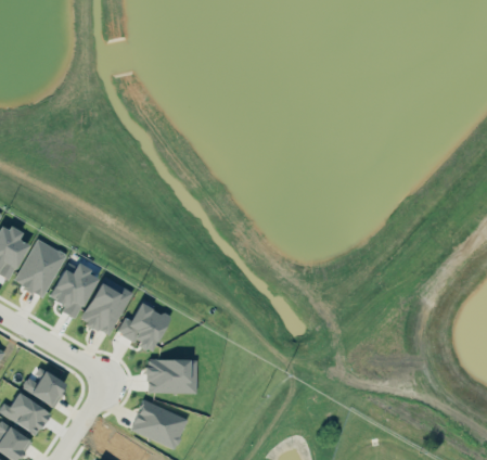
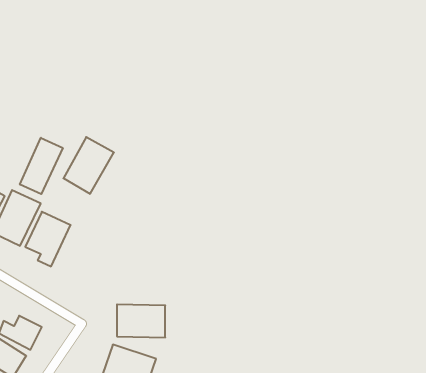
building: none -> [20,138,63,194]
building: [80,277,133,336] -> [63,137,114,194]
building: [117,298,170,352] -> none

